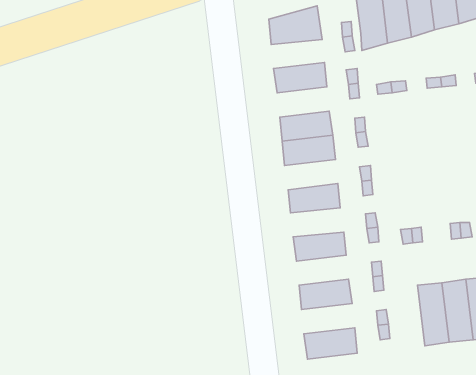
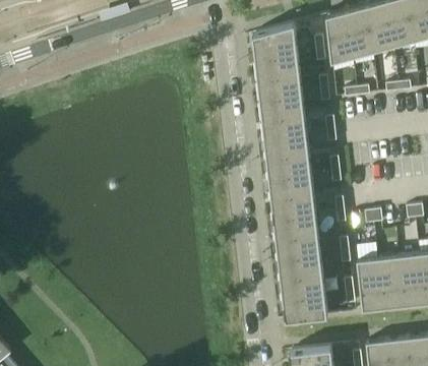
building: none -> [255,53,300,77]
building: none -> [260,93,304,118]
building: none -> [266,154,311,179]
building: none -> [271,194,316,219]
building: none -> [277,234,320,259]
building: none -> [357,259,384,312]
building: none -> [281,274,325,300]

